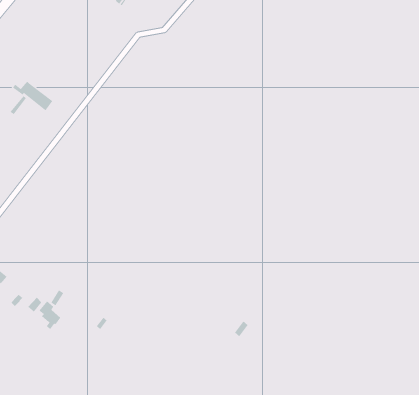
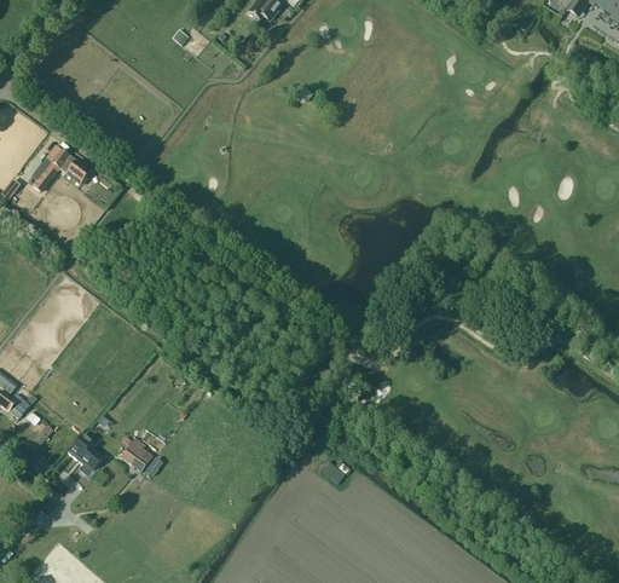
building: none -> [120,437,152,472]

